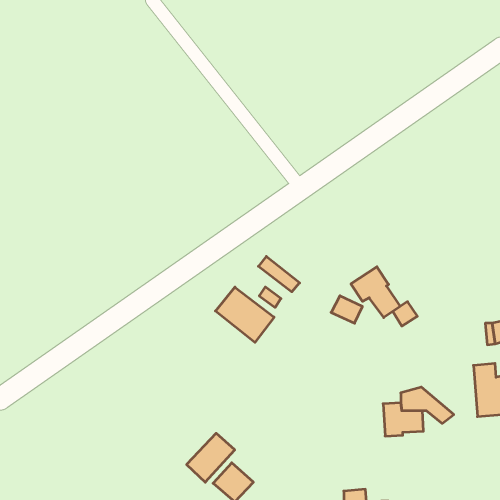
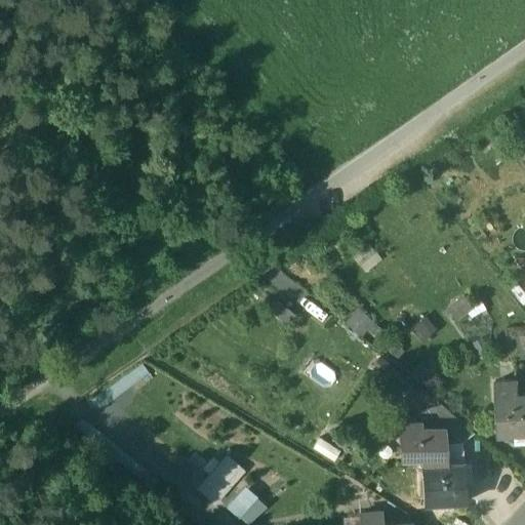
building: [351,267,400,318] -> none
building: [215,287,274,342] -> none
building: none -> [422,452,471,506]

